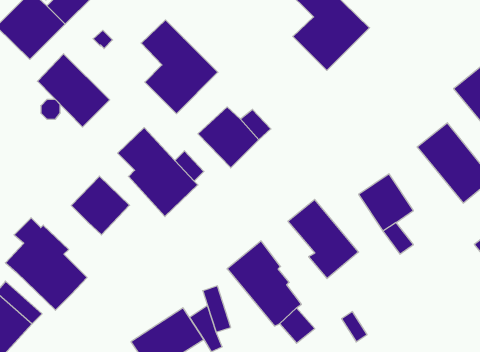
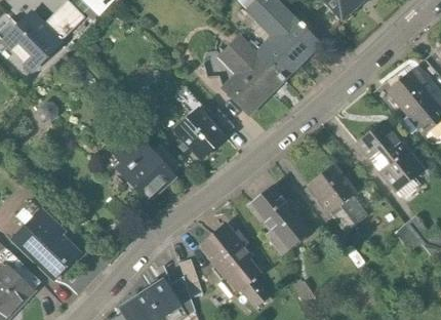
building: [141,20,218,114] -> [217,35,282,114]
building: [37,54,110,127] -> none
building: [71,176,130,235] -> none

